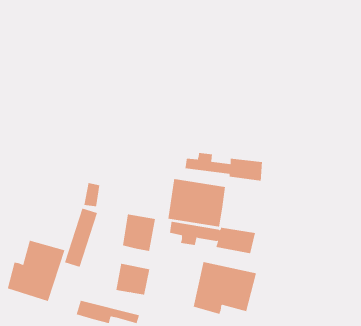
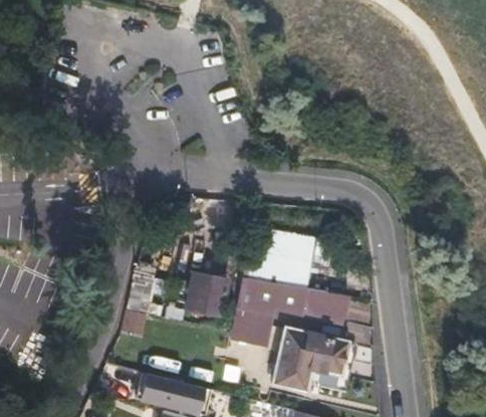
building: [185,152,262,181] -> none
building: [7,240,65,302] -> none
building: [116,263,150,295] -> [231,306,272,345]

